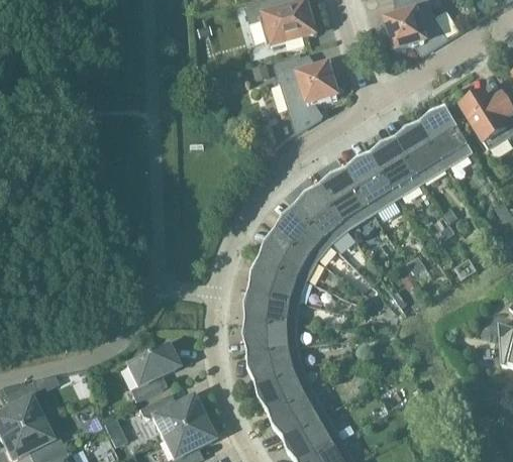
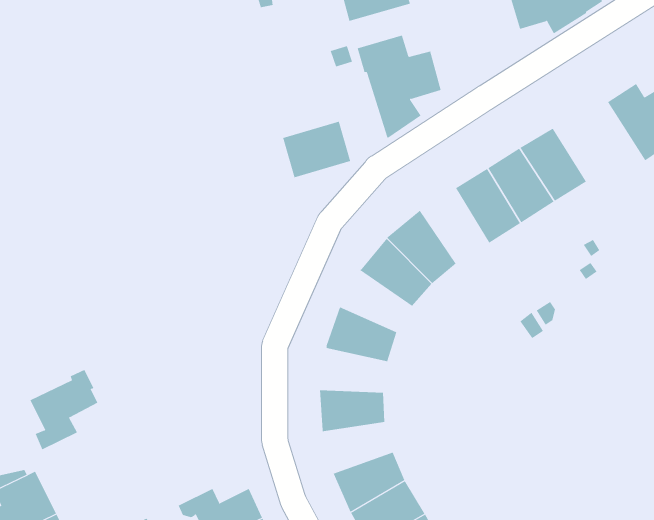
building: [420,109,473,165] -> none
building: none -> [283,121,351,178]
building: [320,170,372,227] -> none
building: [260,232,314,278] -> none
building: [244,291,296,324] -> none
building: [125,341,177,401] -> [30,369,98,450]
building: [246,346,300,384] -> none

